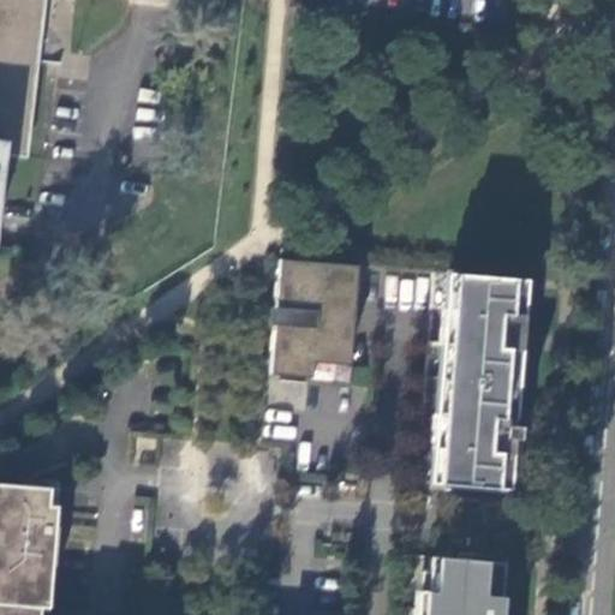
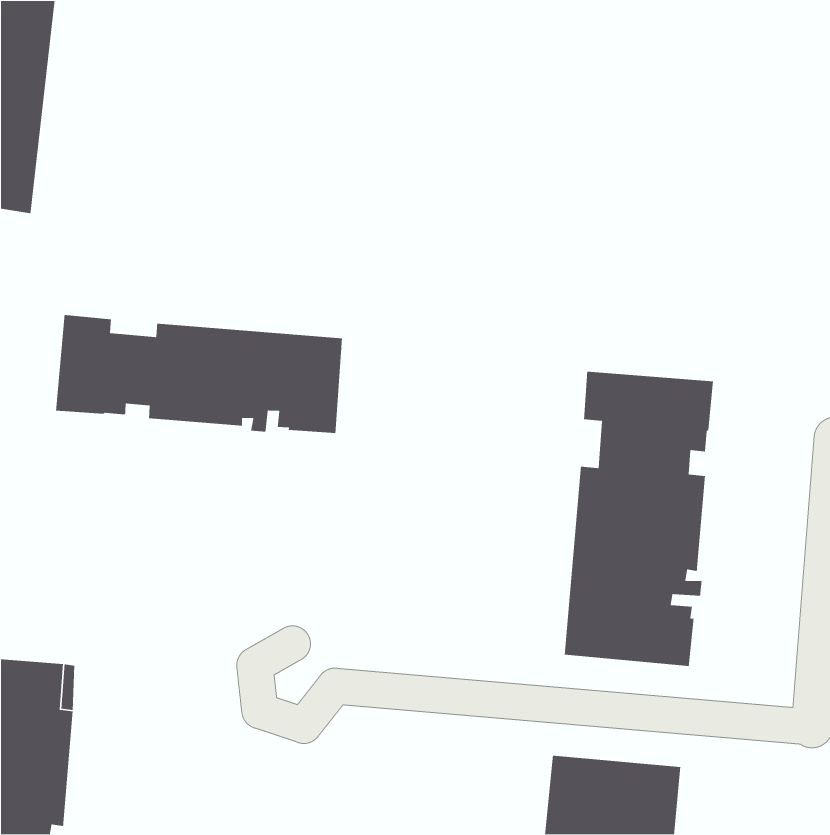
building: none -> [55,314,343,434]
building: [271,261,359,381] -> none

